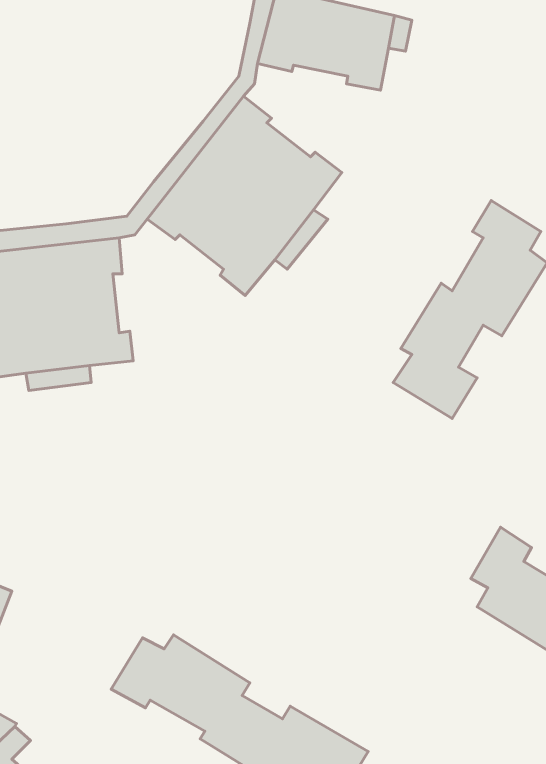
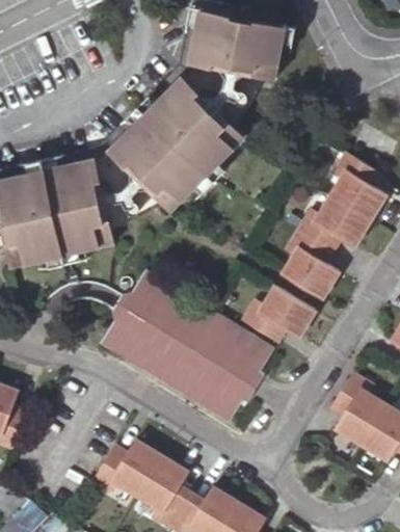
building: none -> [101,273,272,423]
building: none -> [242,288,312,342]

